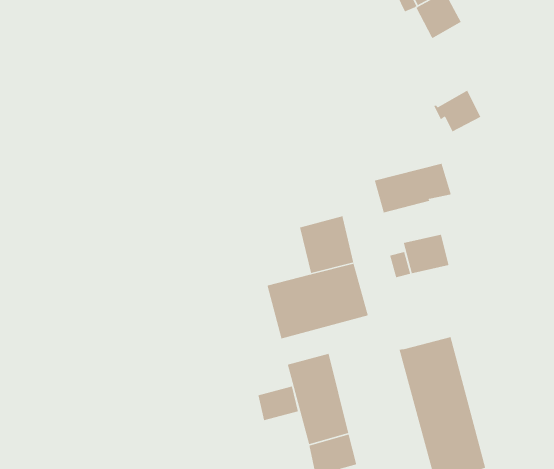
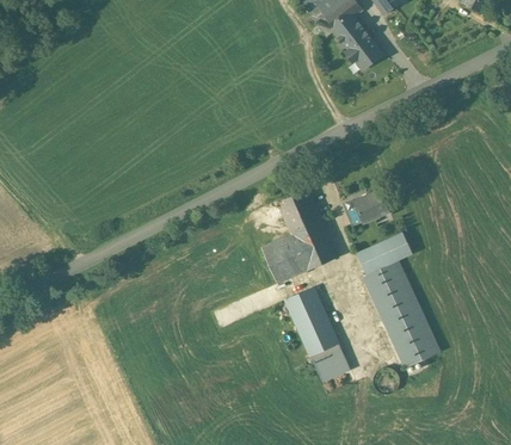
building: [433,90,481,132] -> [346,37,382,69]
building: [374,163,452,214] -> [356,233,413,276]
building: [257,385,299,421] -> none

